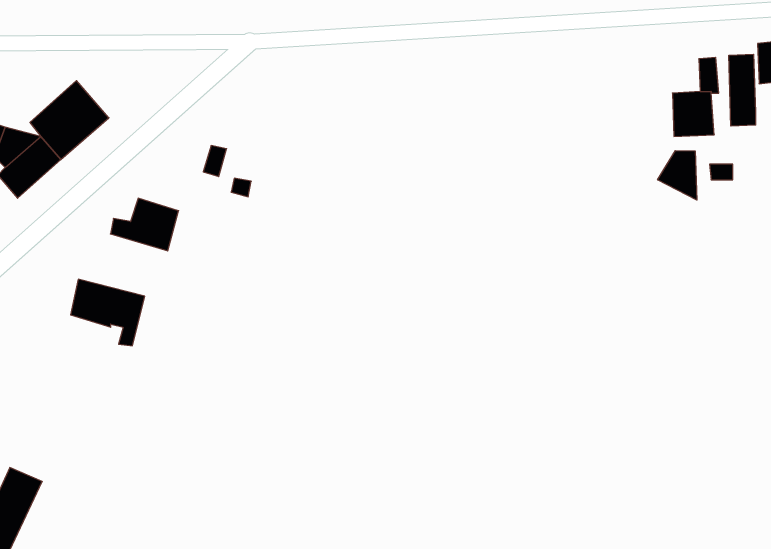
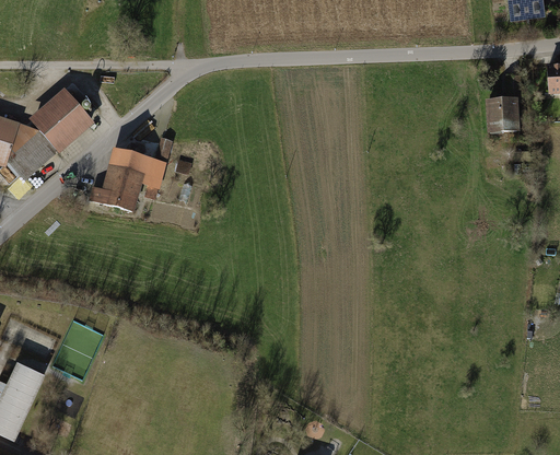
building: [729,54,756,126] -> none
building: [658,151,697,200] -> none
building: [71,279,145,346] -> [110,150,163,197]

